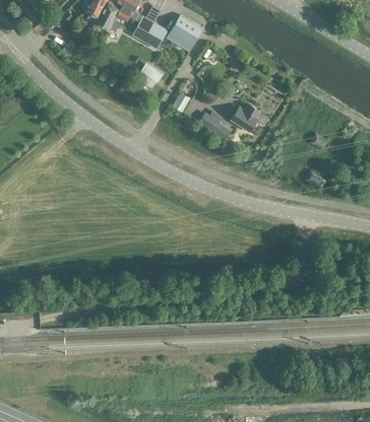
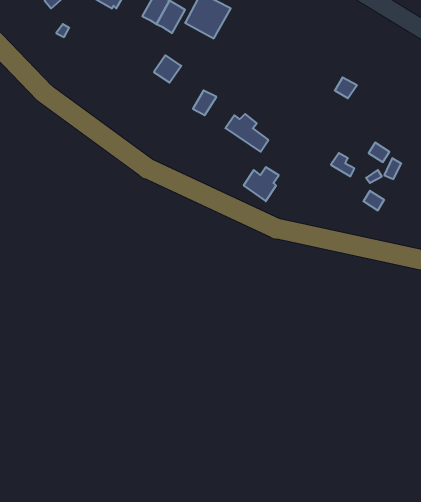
building: [230,104,257,131] -> [244,167,279,201]

